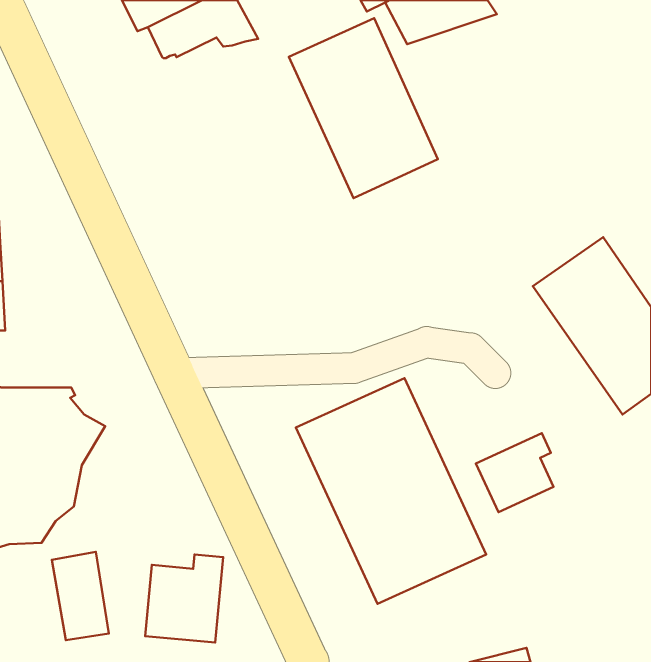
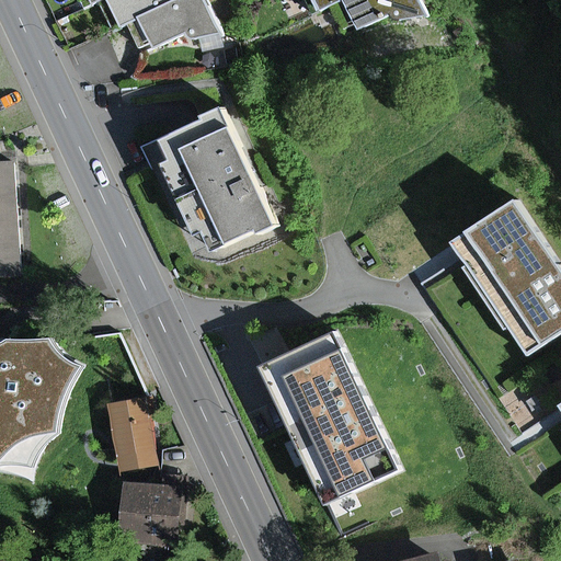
building: [289,18,438,198] -> [150,104,276,256]
building: [476,433,553,512] -> none
building: [52,552,109,640] -> [104,398,152,472]

